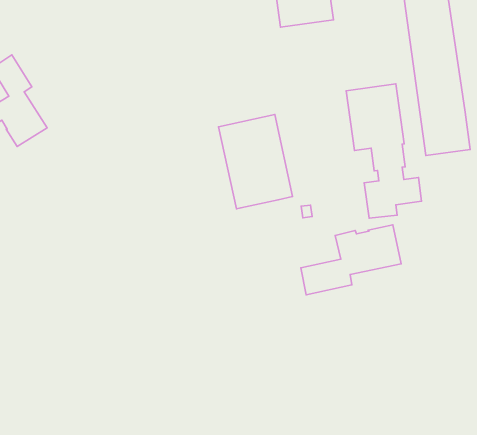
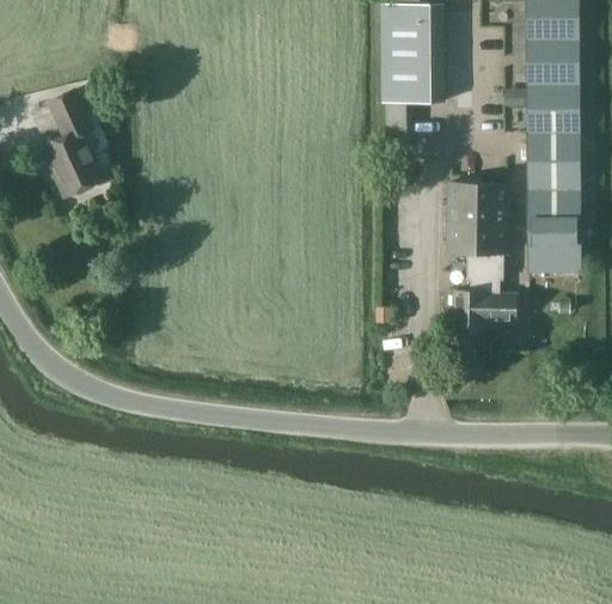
building: [219,115,293,209] -> none
building: [301,225,401,295] -> none

